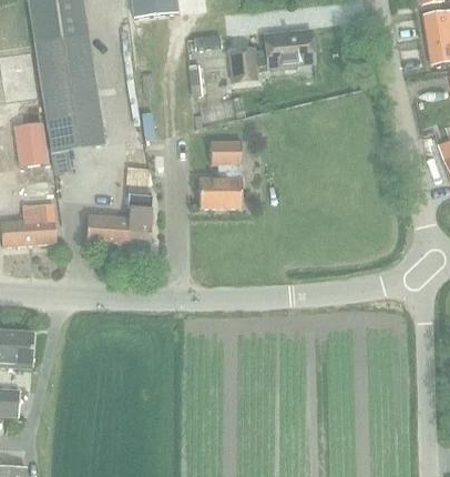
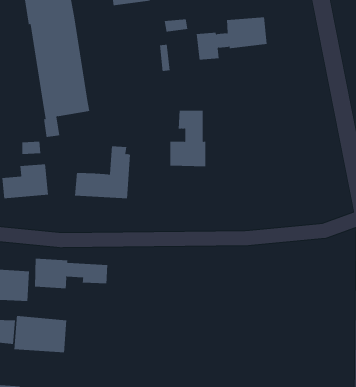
building: [13,121,48,165] -> none
building: none -> [34,258,108,289]
building: none -> [14,315,67,353]

